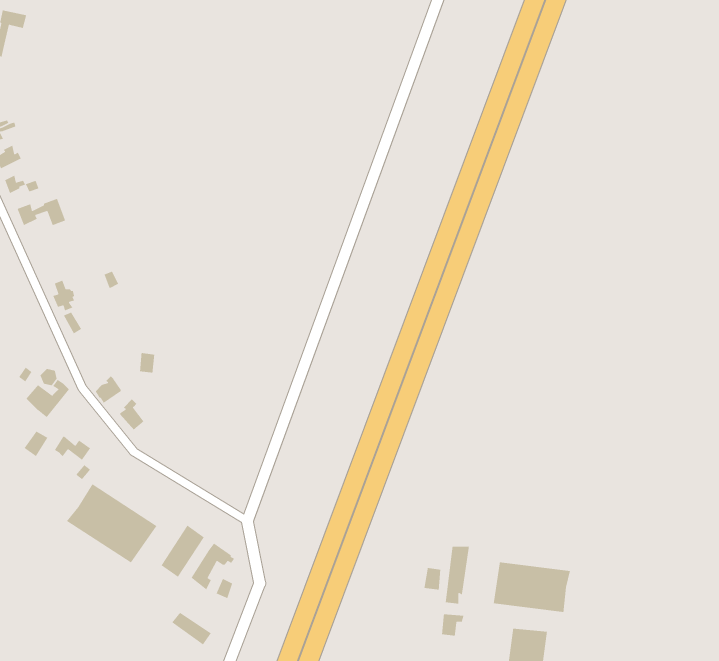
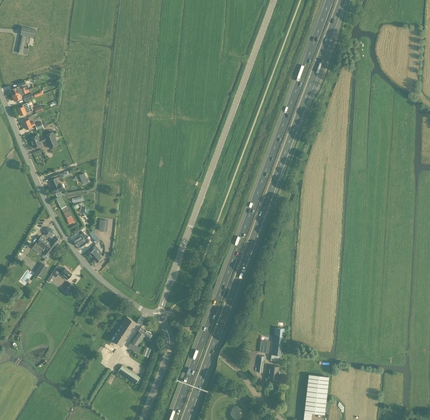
building: [66,483,157,564] -> none
building: [493,562,571,613] -> none

